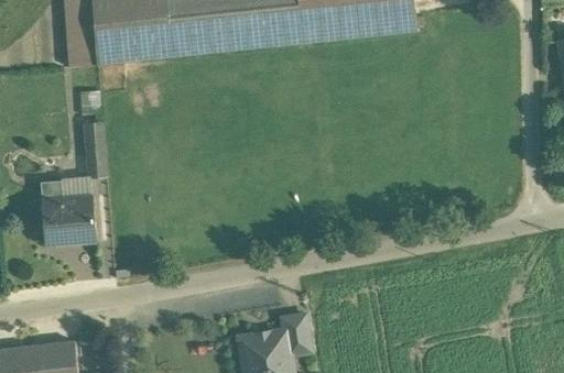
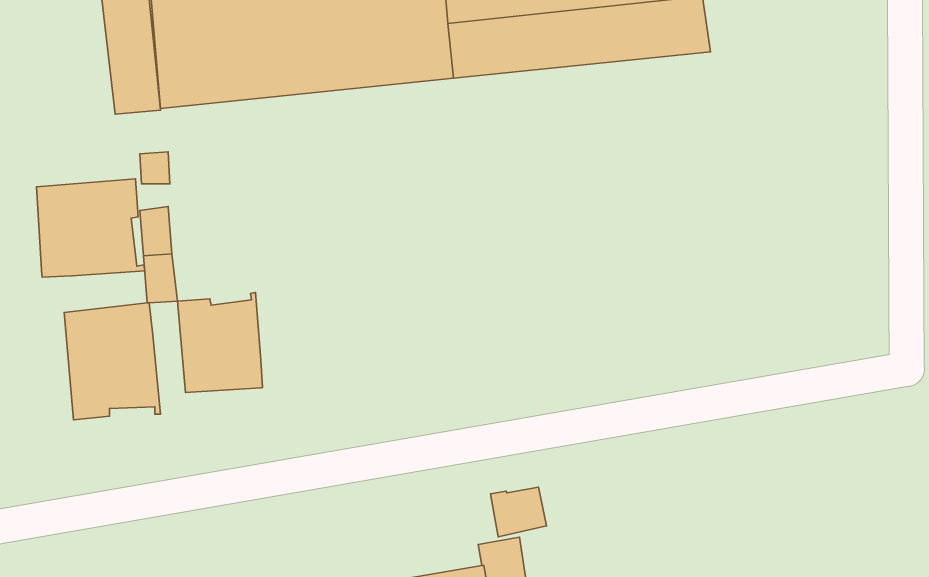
building: none -> [37,179,145,277]
building: none -> [178,293,262,393]
building: none -> [490,487,546,537]

